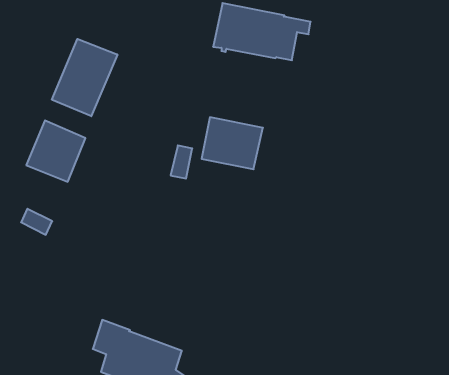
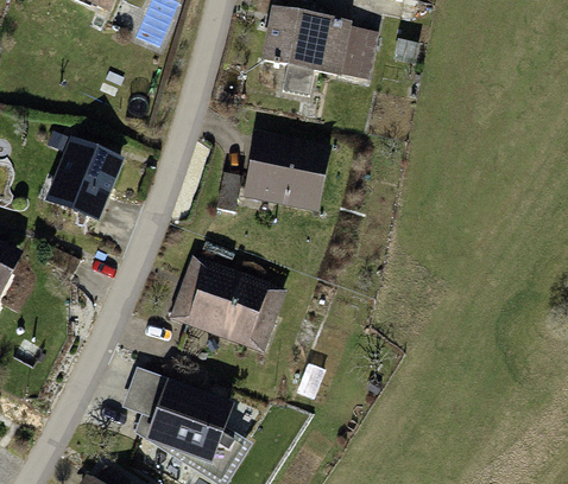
building: [52,39,117,116] -> none
building: none -> [170,265,276,344]

